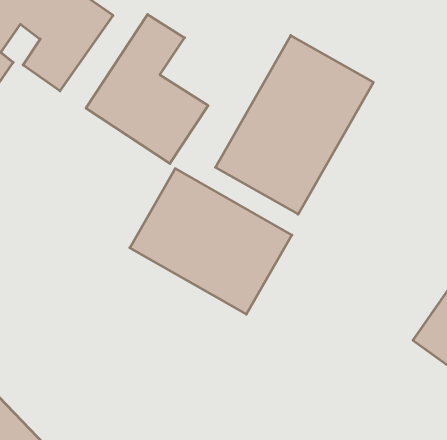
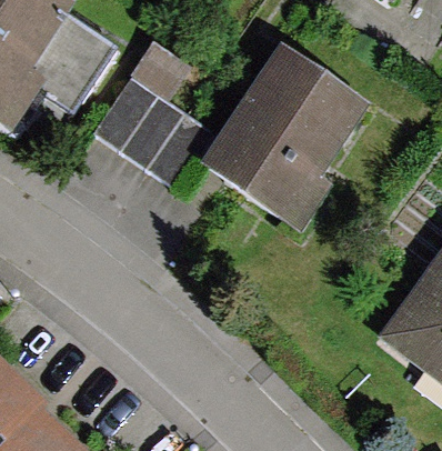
building: [130,169,292,314] -> none

